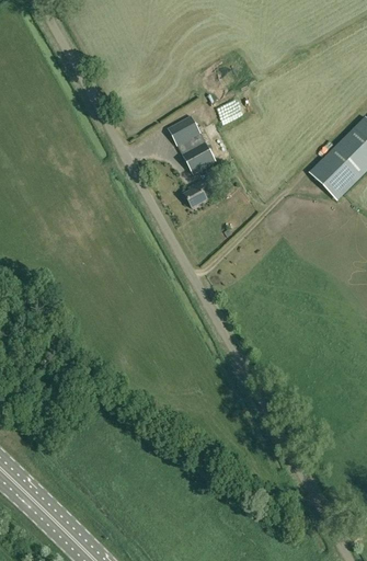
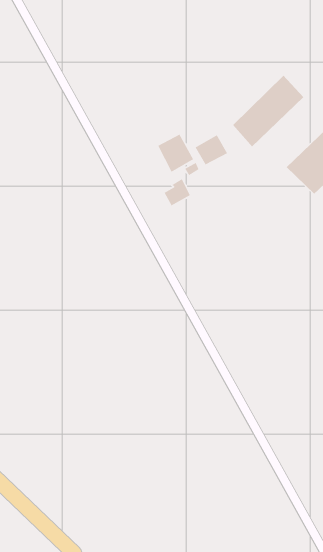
building: none -> [232,75,304,148]
building: [168,116,202,148] -> [194,134,228,166]

